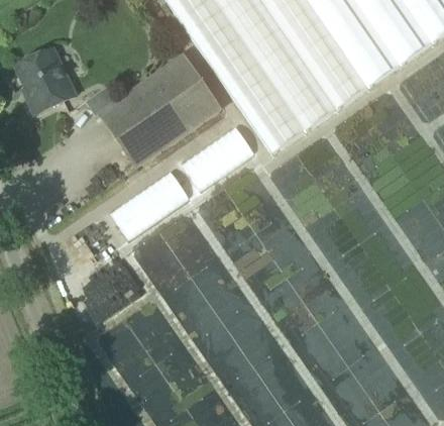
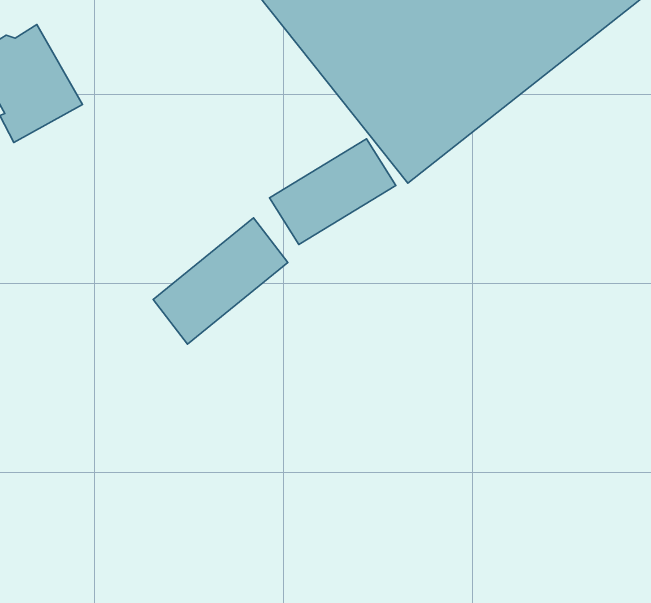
building: [89,54,224,167] -> none

